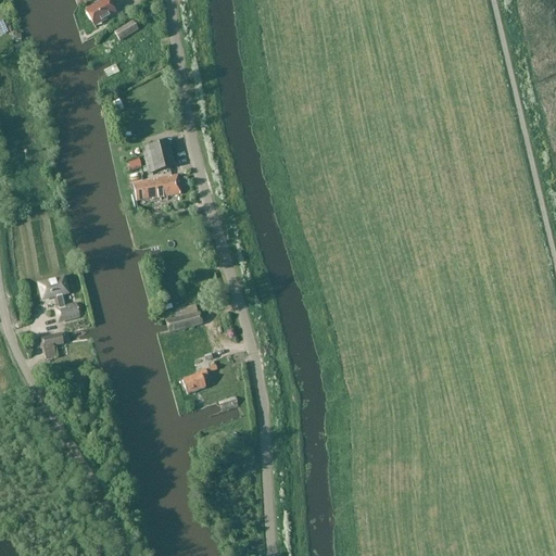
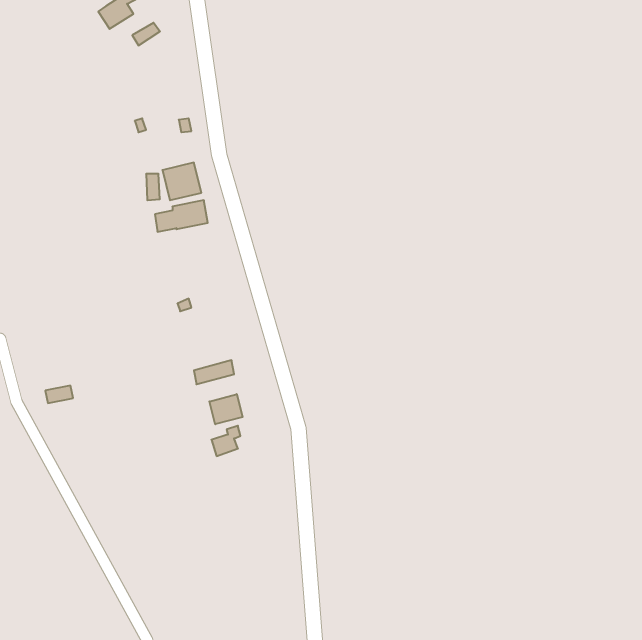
building: [39,276,79,320] -> none
building: none -> [209,394,243,424]

